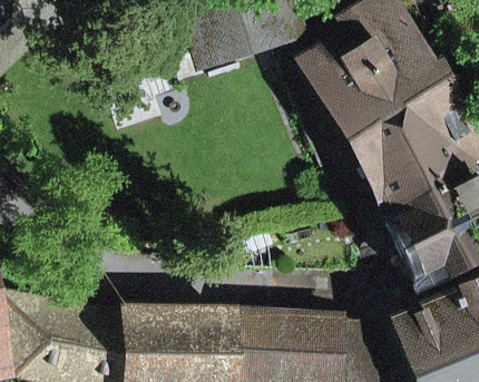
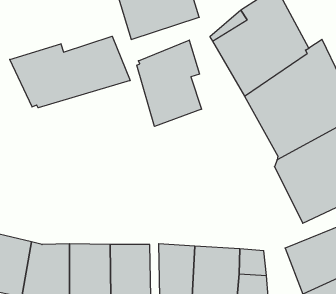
building: none -> [10,36,130,108]
building: none -> [137,40,202,126]

